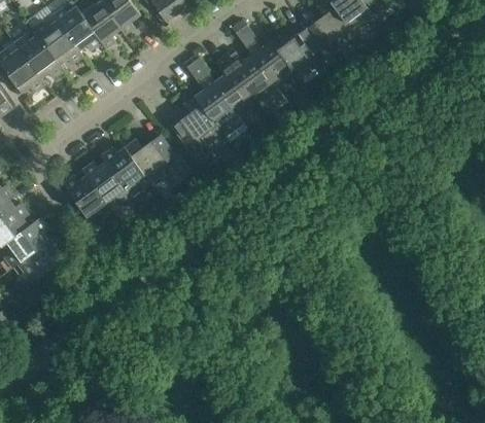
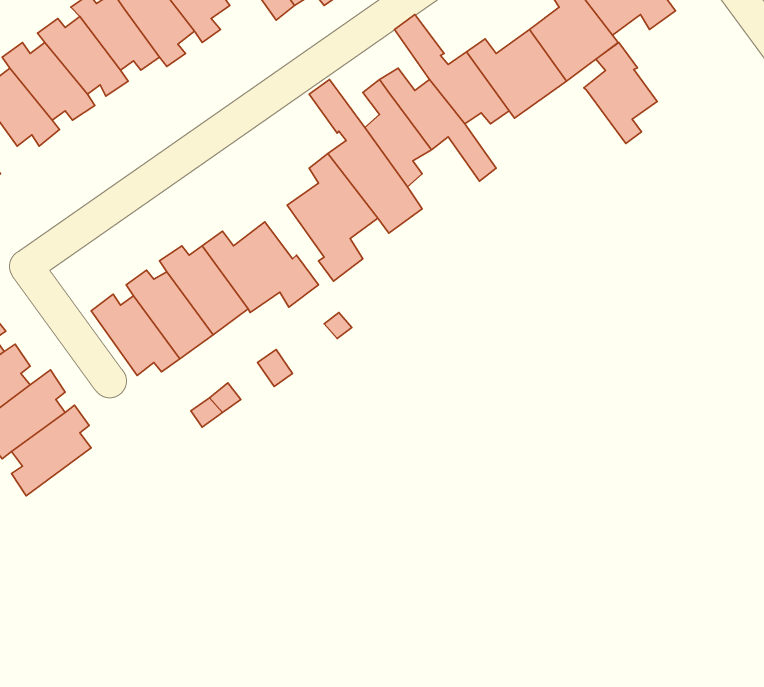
building: none -> [584,42,657,143]

